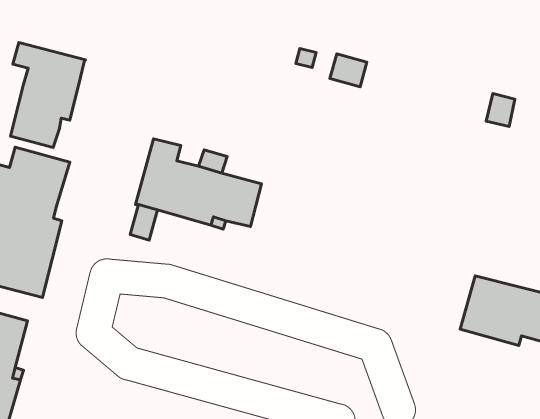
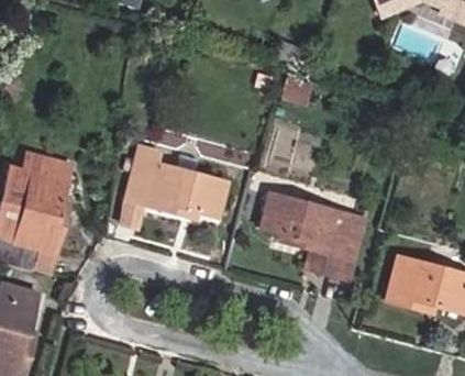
building: [11,42,85,148] -> none
building: none -> [261,192,366,278]

